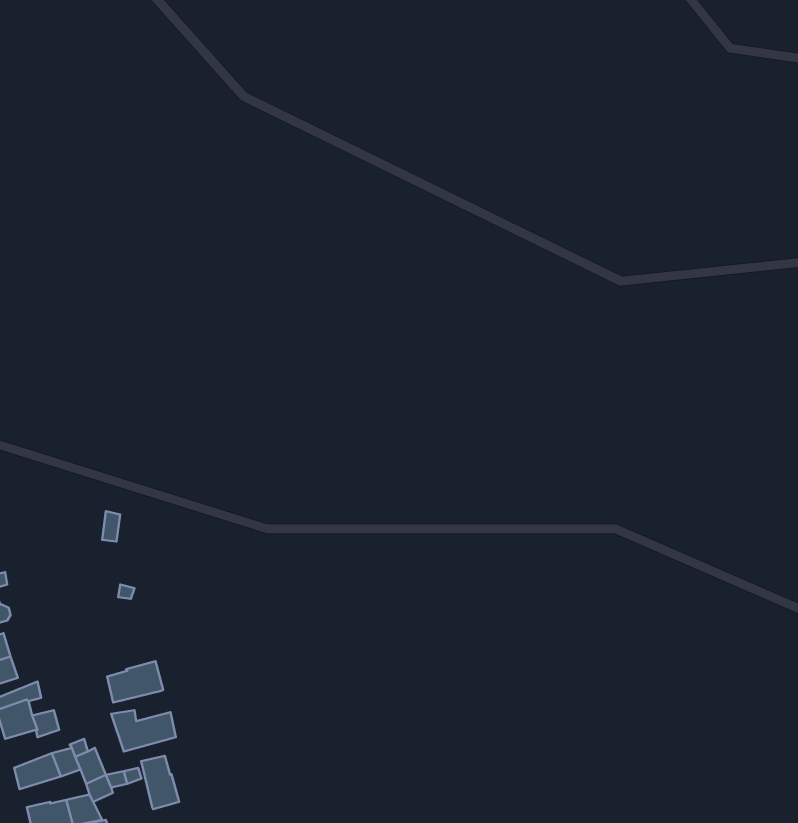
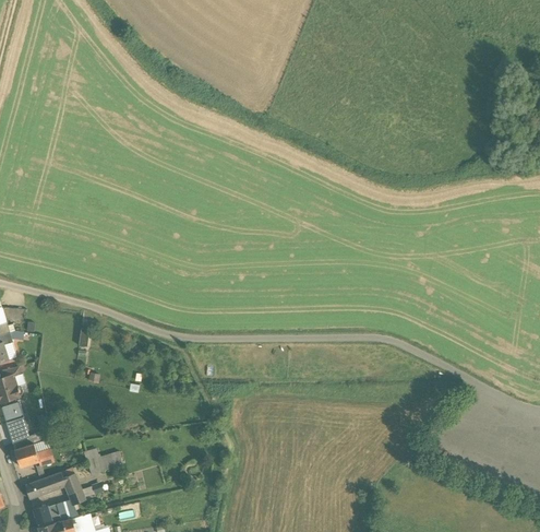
building: [107,661,163,702] -> none
building: [141,756,179,809] -> none

